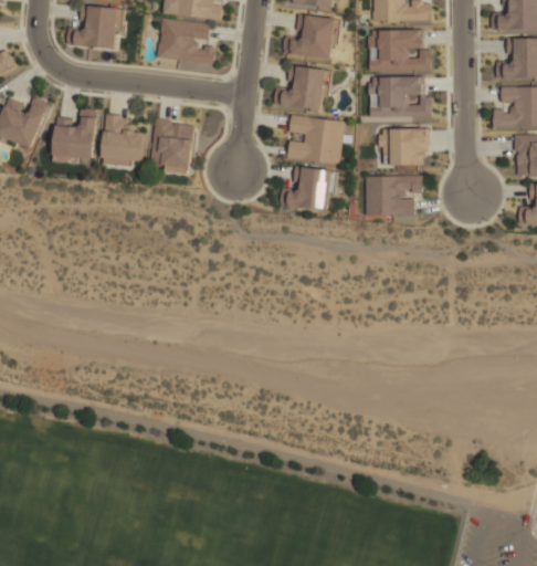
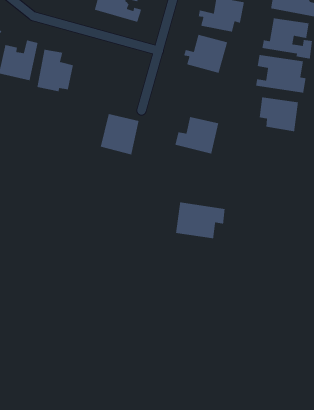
building: [287,115,346,165] -> none
building: [150,122,193,168] -> [100,113,140,155]
building: [364,176,422,217] -> [175,201,225,239]

